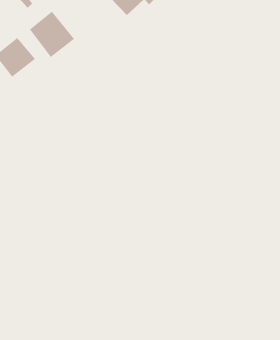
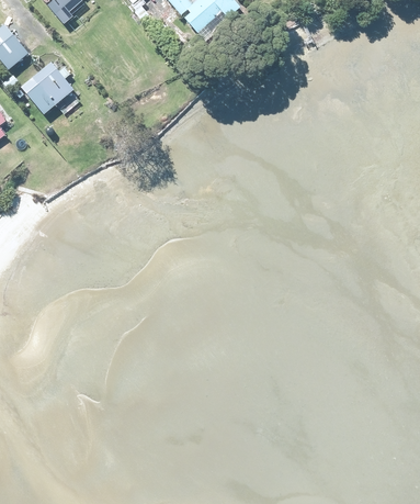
building: [29,11,75,58] -> none

